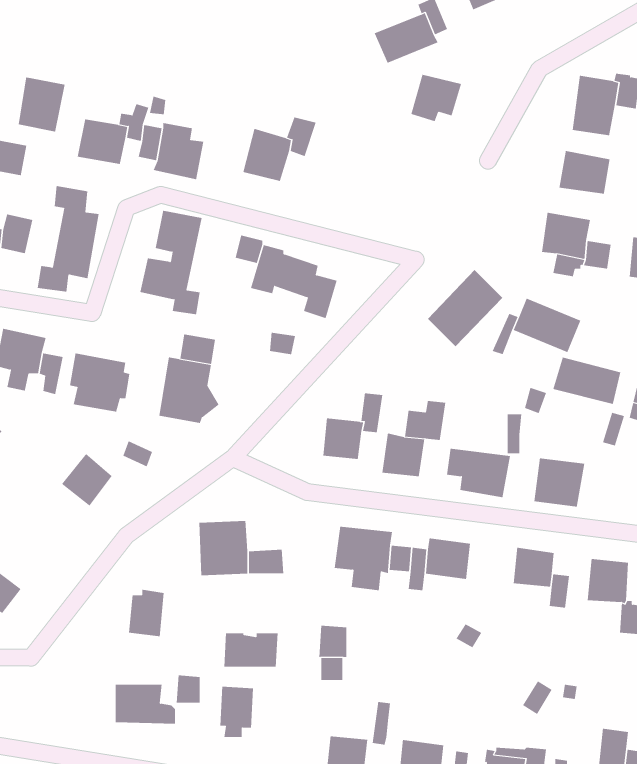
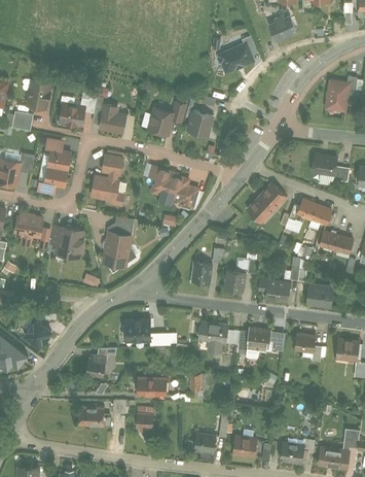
building: [410,74,462,122] -> [187,108,215,134]
building: [559,150,610,195] -> none
building: [61,453,113,507] -> [23,323,50,352]

